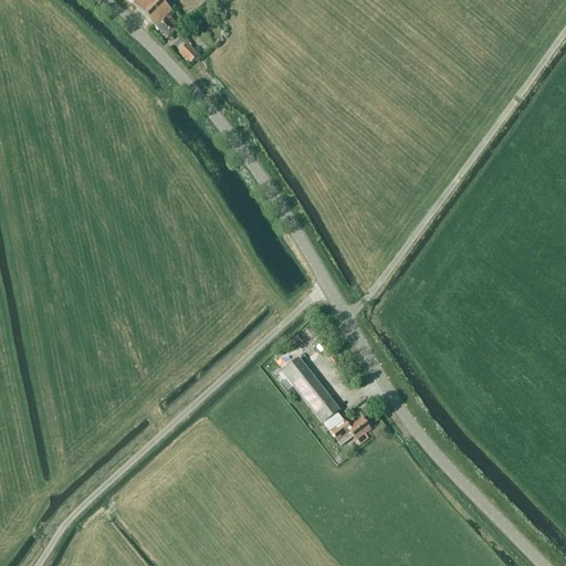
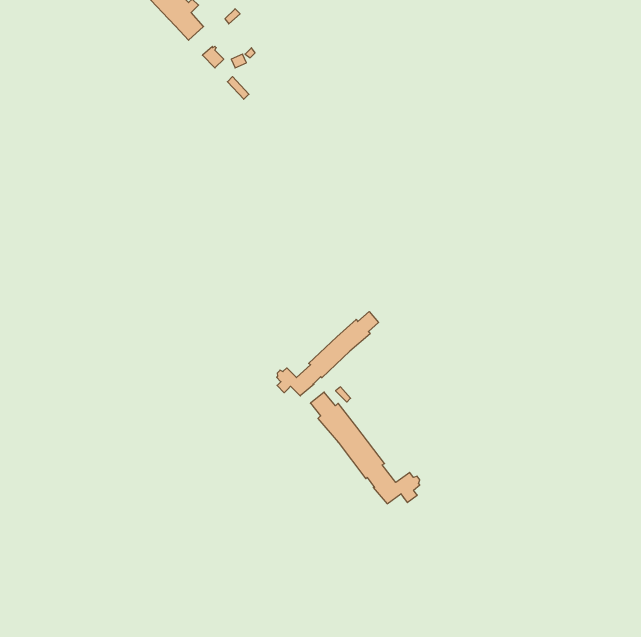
building: none -> [277,312,379,396]

